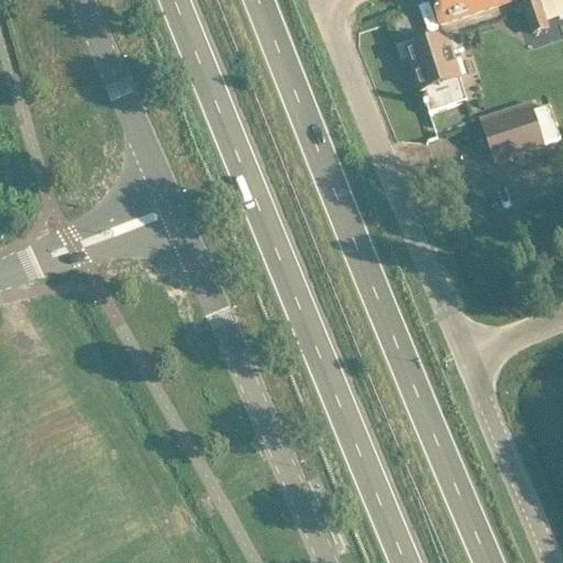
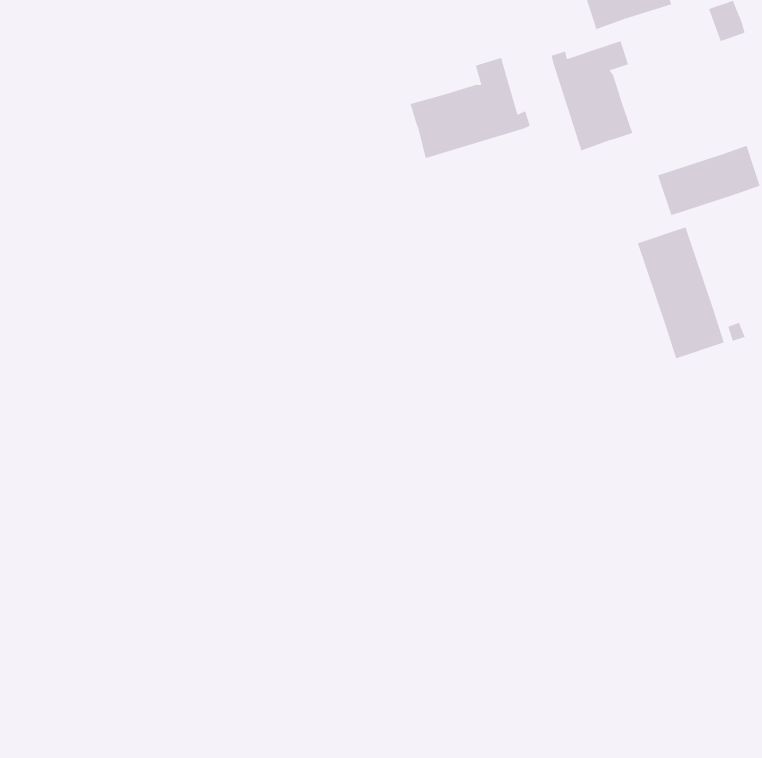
building: none -> [410,57,531,159]
building: none -> [637,227,724,359]

